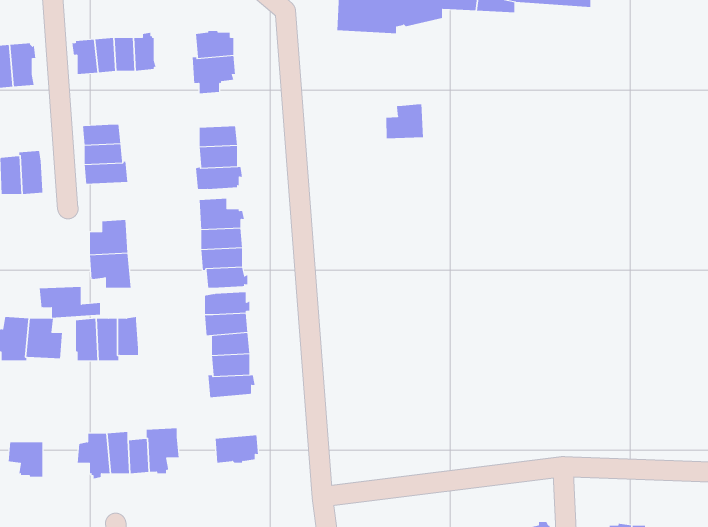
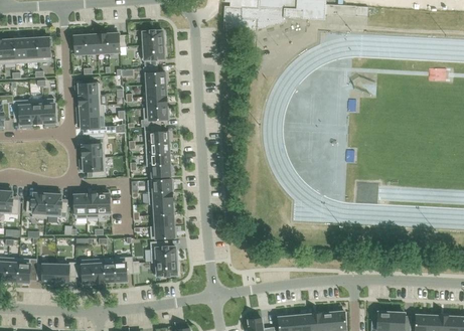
building: none -> [142,66,167,86]
building: [386,103,424,139] -> none
building: [39,287,101,318] -> [80,117,115,135]
building: none -> [150,241,177,263]
building: none -> [55,263,75,285]

